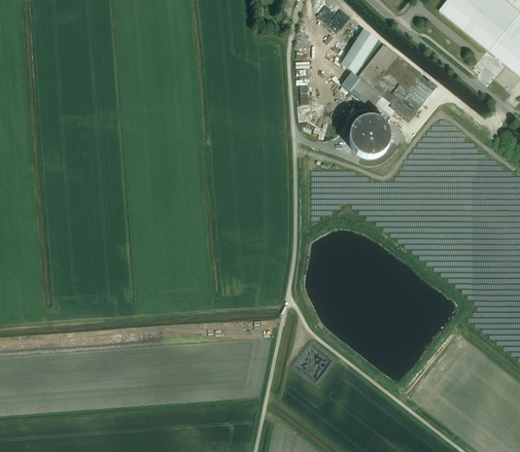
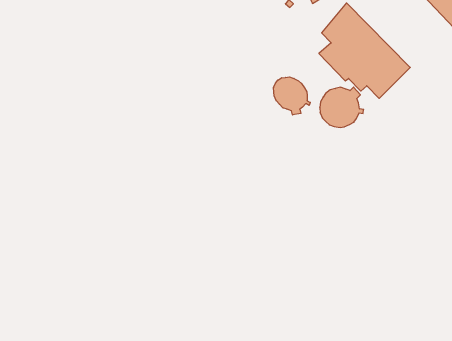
building: none -> [274,77,310,115]

